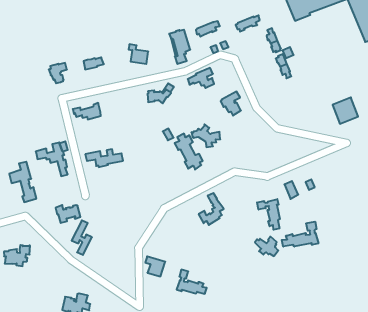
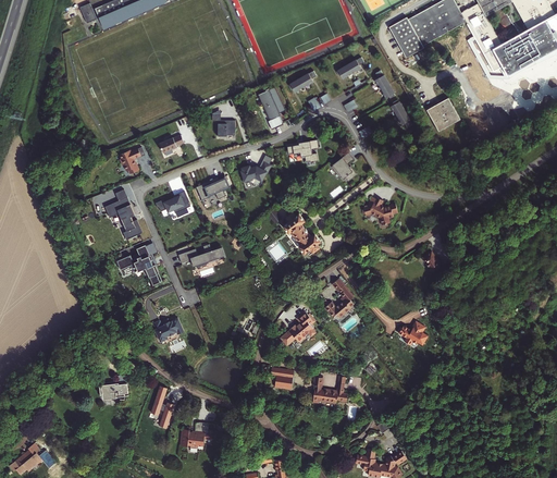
building: none -> [196,177,228,201]
building: [333,97,358,124] -> [428,98,460,132]
building: [191,124,220,147] -> [361,198,397,225]
building: [9,162,36,202] -> [104,191,141,240]
building: [257,199,280,230] -> none
building: none -> [280,312,314,346]
building: [72,220,92,255] -> [150,387,174,428]
building: [282,222,318,247] -> none

